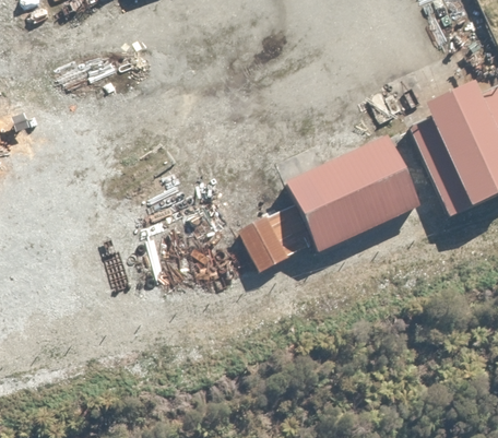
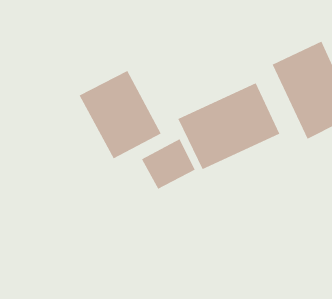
building: none -> [79,70,162,159]

